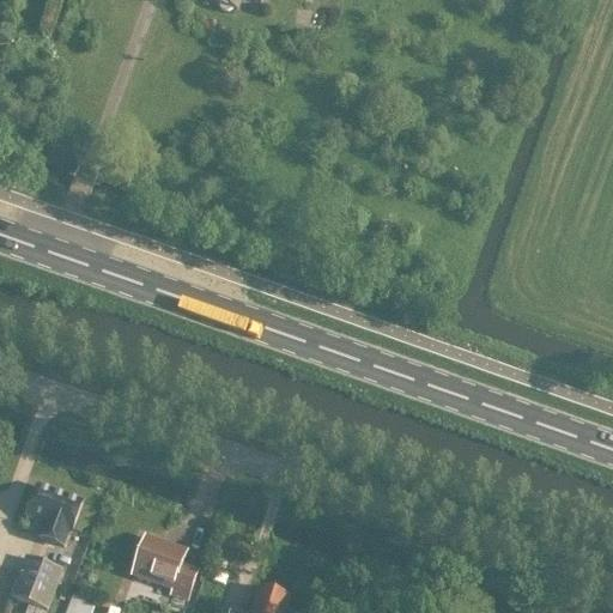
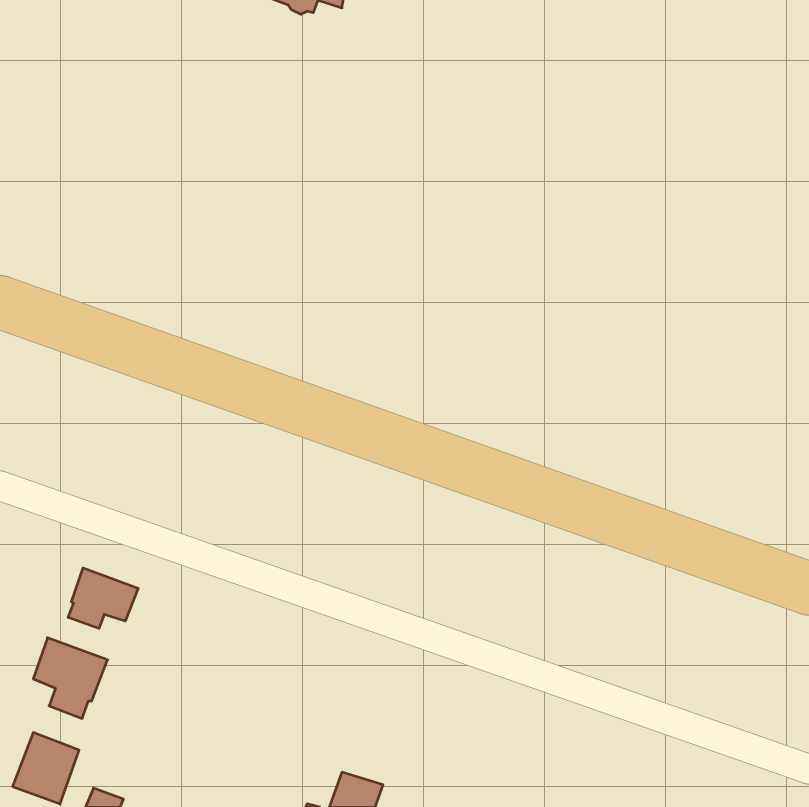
building: none -> [68,568,138,628]
building: [132,535,196,599] -> none

